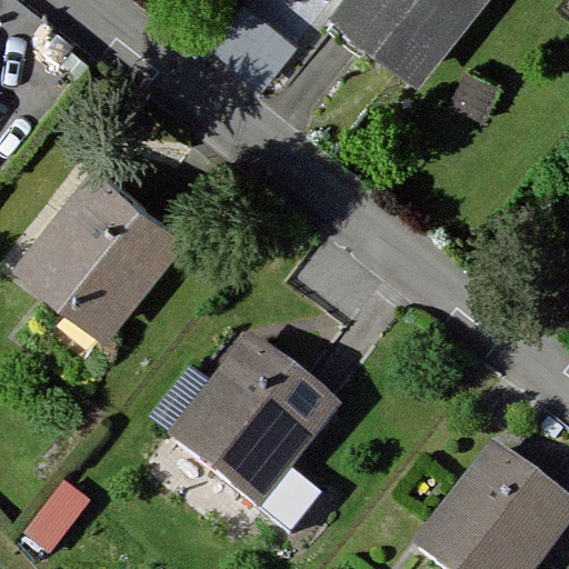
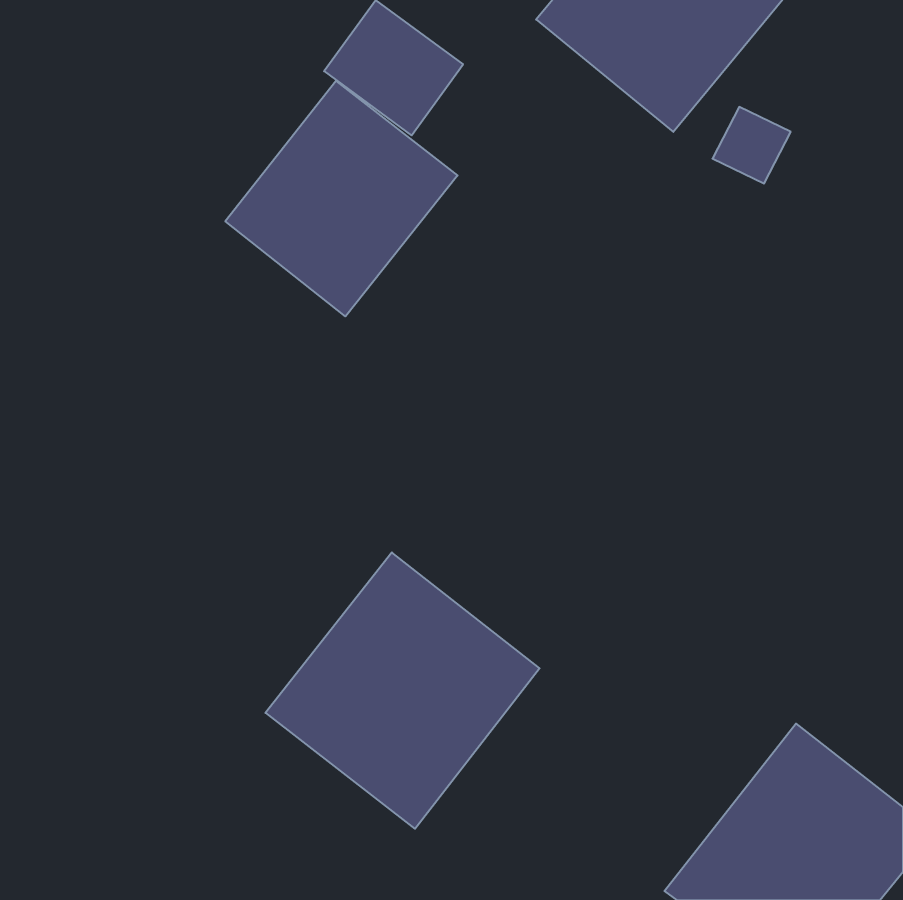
building: none -> [225,81,458,316]
building: [13,166,186,338] -> none

